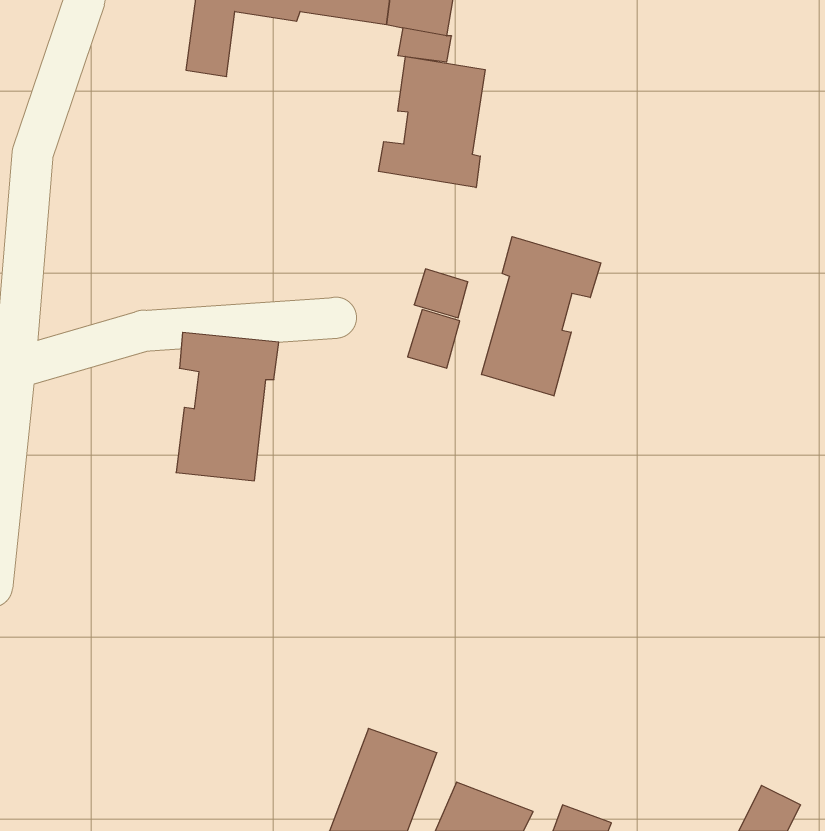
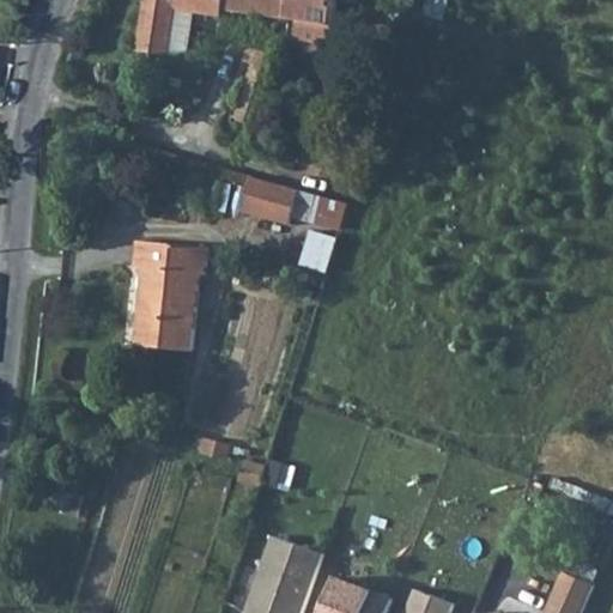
building: [378,56,485,188] -> none
building: [482,237,601,396] -> none
building: none -> [236,178,295,227]

